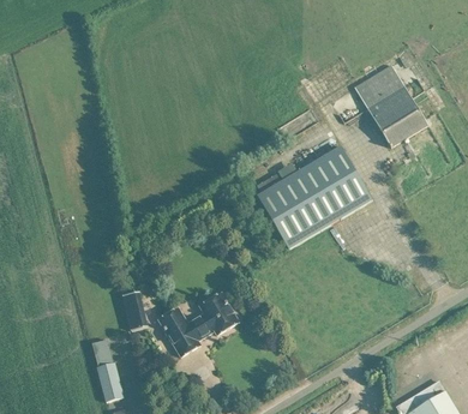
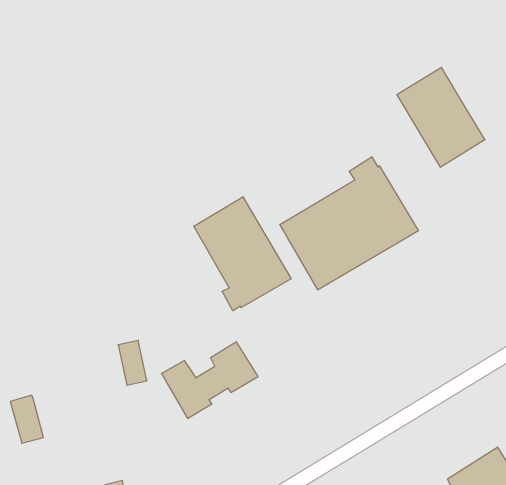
building: none -> [194,197,291,311]
building: [96,361,124,401] -> [10,396,43,443]

